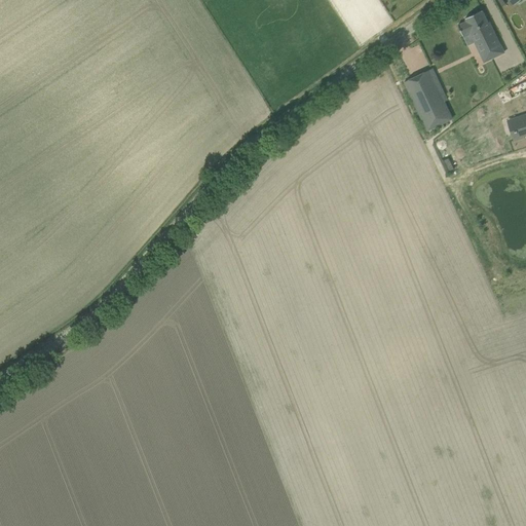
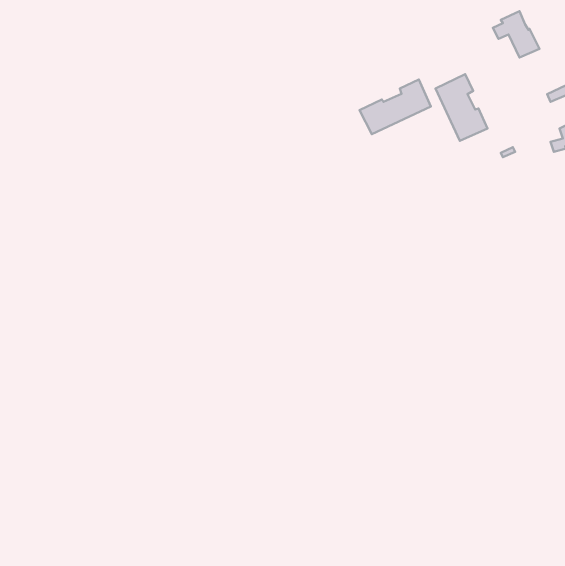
building: none -> [360,80,431,134]

